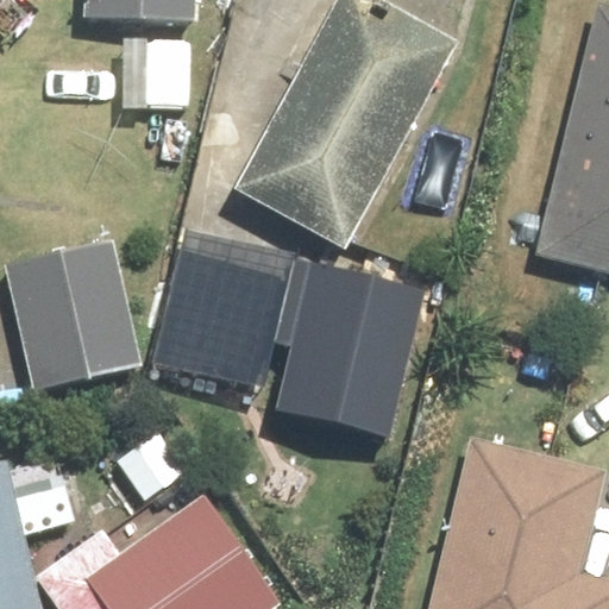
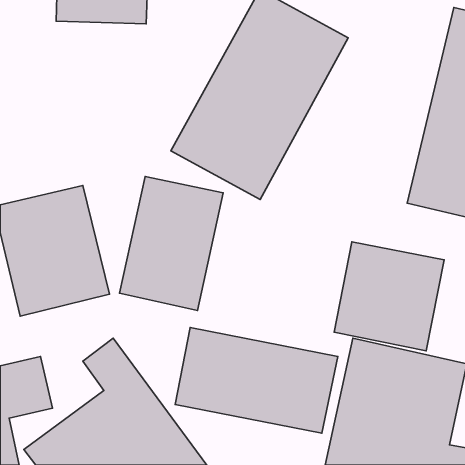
building: [297,264,433,426] -> none
building: none -> [334,242,444,351]
building: none -> [175,327,338,433]

